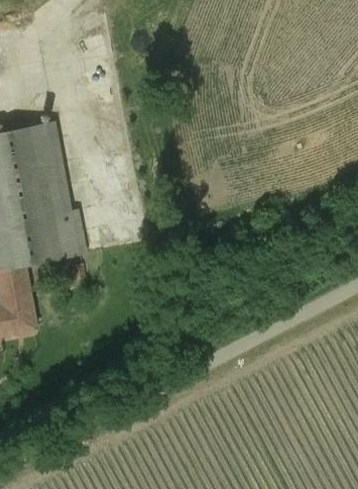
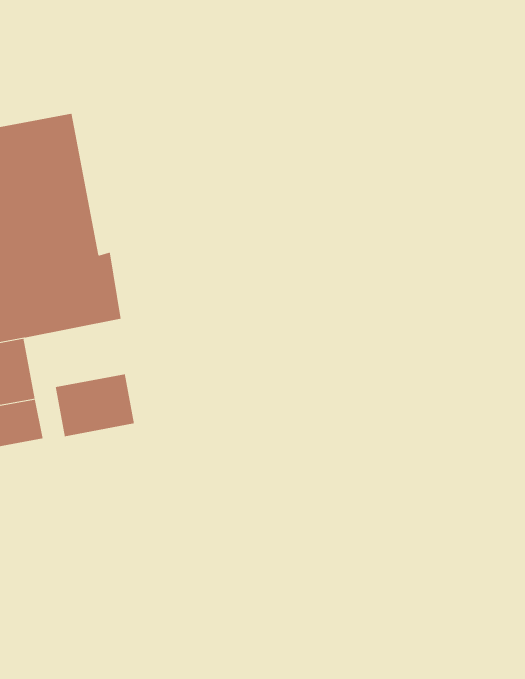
building: none -> [55,374,134,437]

